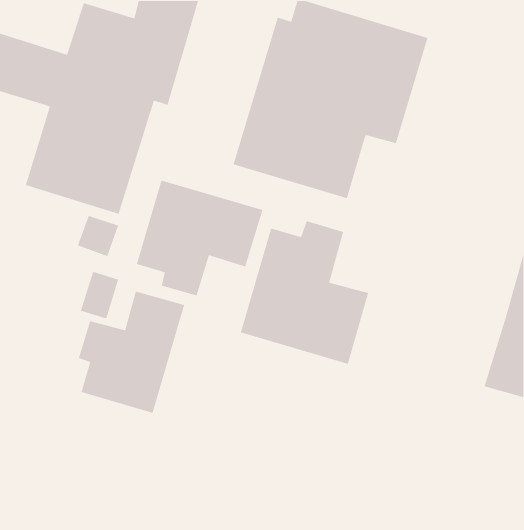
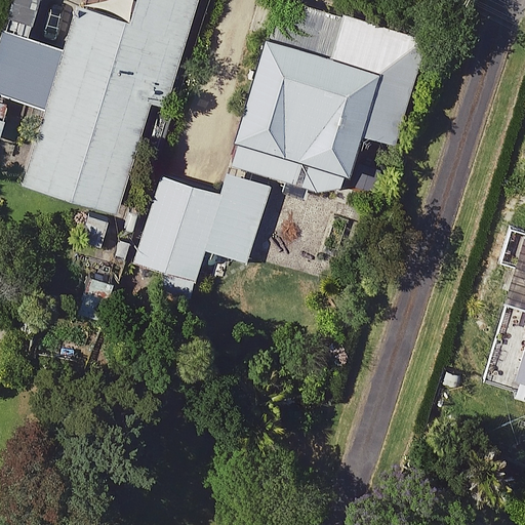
building: [240,220,369,365] -> none
building: [78,291,185,414] -> none

